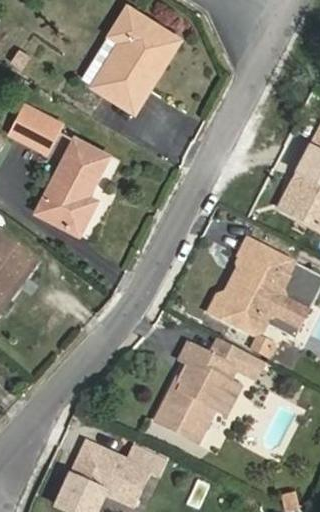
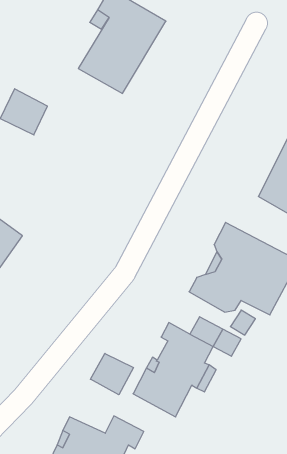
building: [38,136,105,231] -> none
building: none -> [90,353,133,395]

